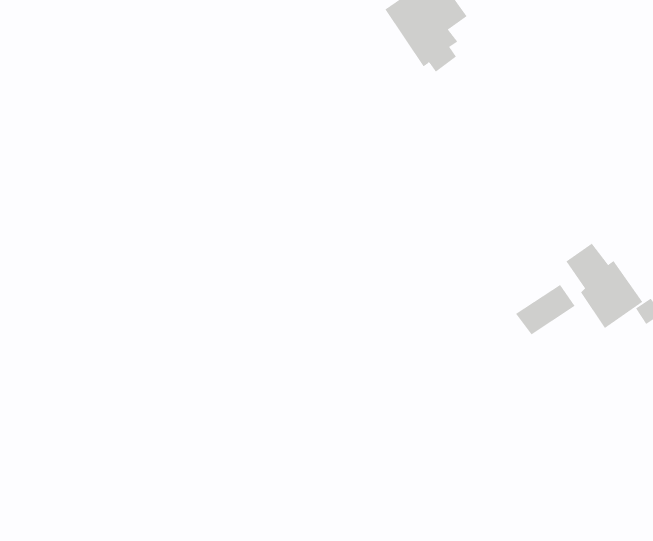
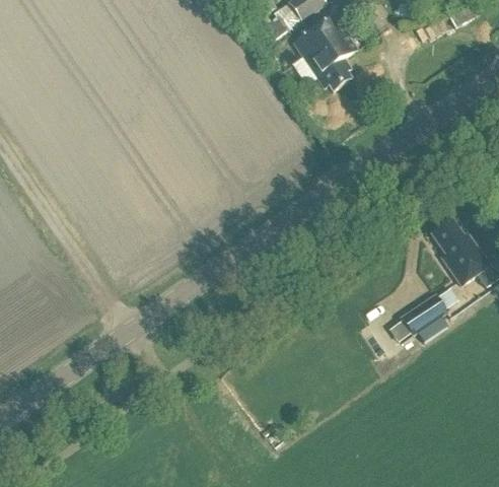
building: [515,284,575,335] -> [402,294,447,333]

